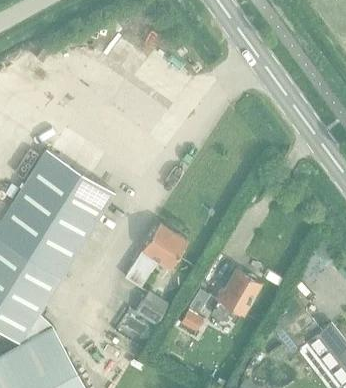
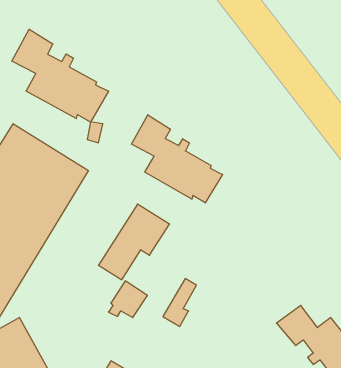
building: none -> [12,29,109,122]
building: none -> [132,115,223,203]
building: [209,268,260,322] -> none

